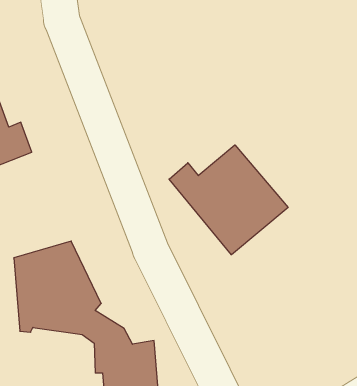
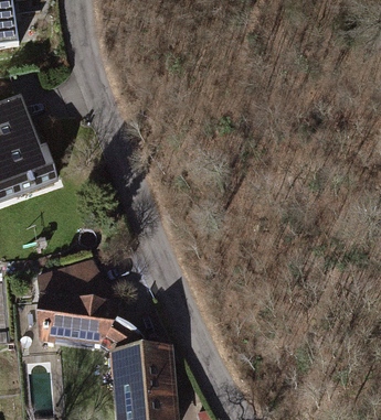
building: [169,145,288,255] -> none

